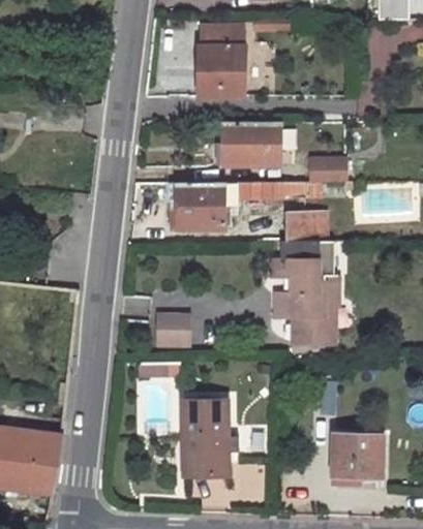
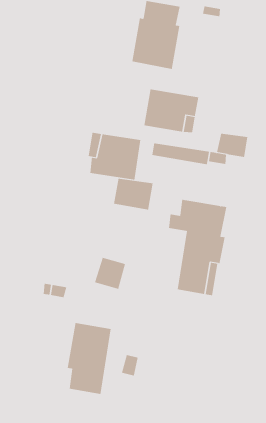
building: [285,211,327,242] -> [113,178,154,210]
building: [153,319,185,352] -> [94,257,126,289]
building: [332,434,382,477] -> none

